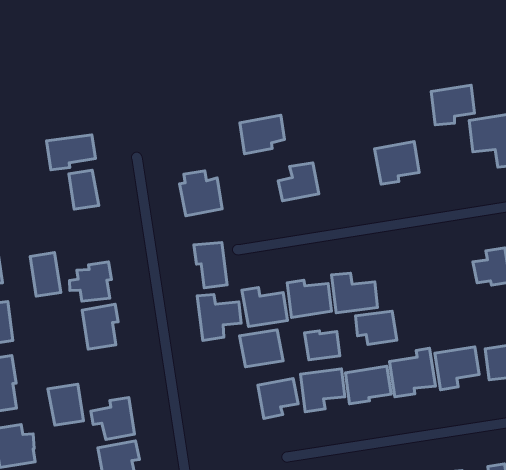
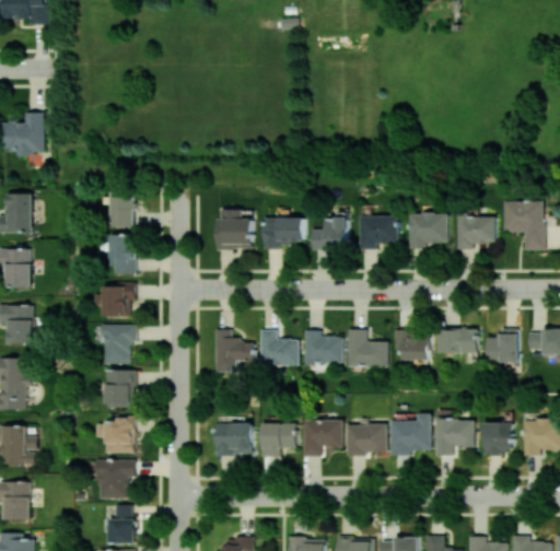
building: [431,85,474,125] -> [455,216,495,250]
building: [240,115,285,154] -> [264,218,304,249]
building: [46,135,96,170] -> none
building: none -> [359,216,398,250]
building: [194,243,227,288] -> none
building: [30,253,61,296] -> [112,235,136,274]
building: none -> [438,329,478,354]
building: [355,311,397,345] -> [393,331,430,361]
building: [239,330,283,367] -> [214,424,253,455]
building: [304,331,340,360] -> none
building: [48,384,84,425] -> [105,371,135,407]

